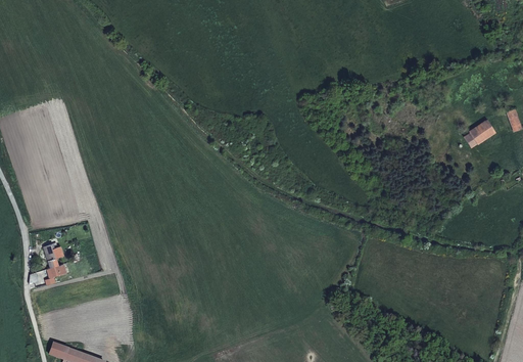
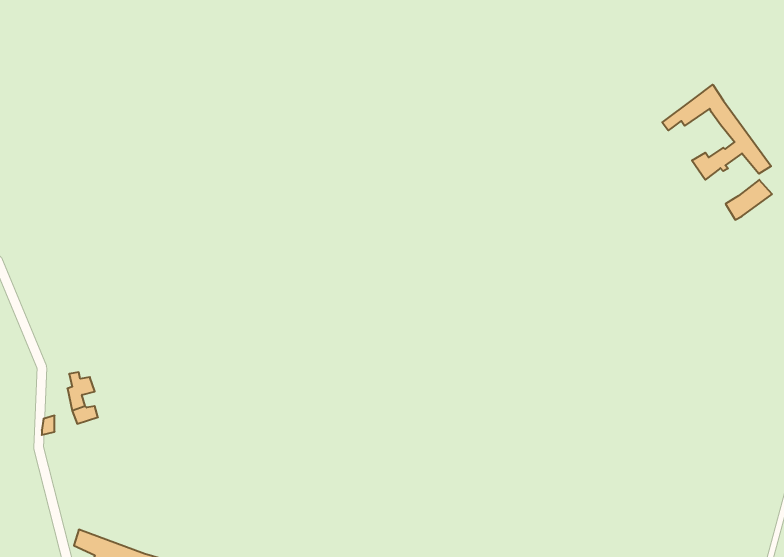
building: none -> [662,85,771,180]

